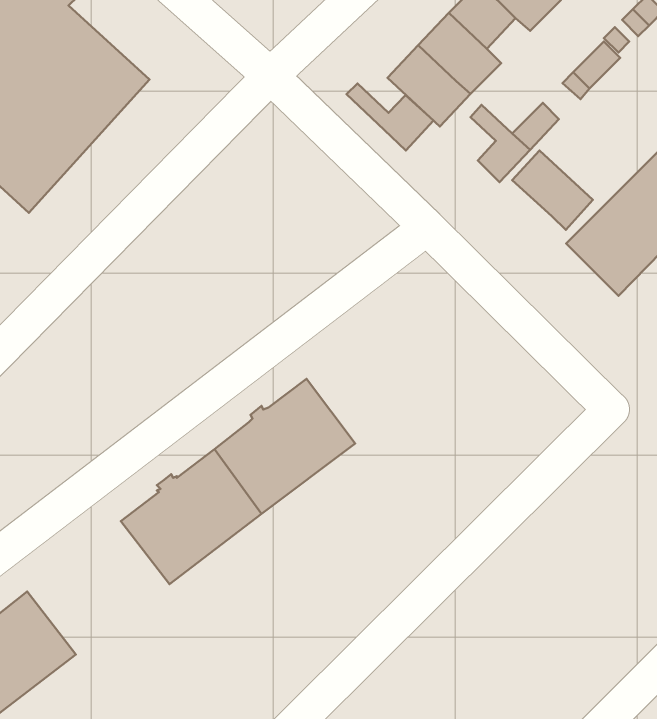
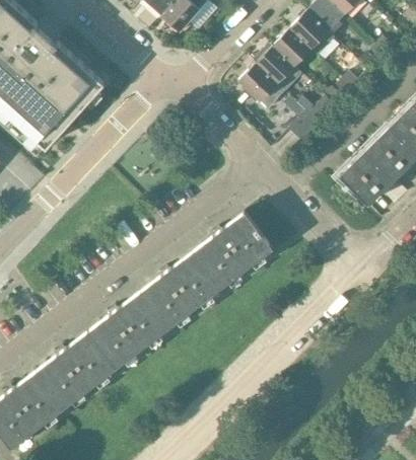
building: [347,84,434,151] -> none
building: [512,150,593,230] -> none
building: none -> [193,213,273,289]
building: none -> [36,332,116,407]

